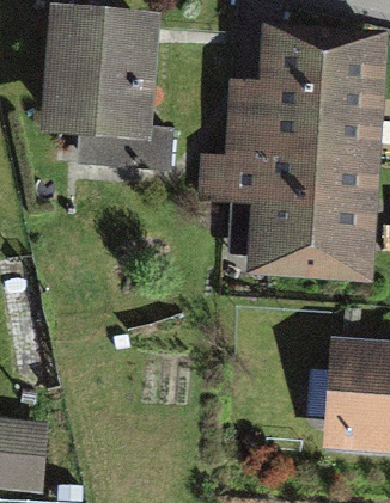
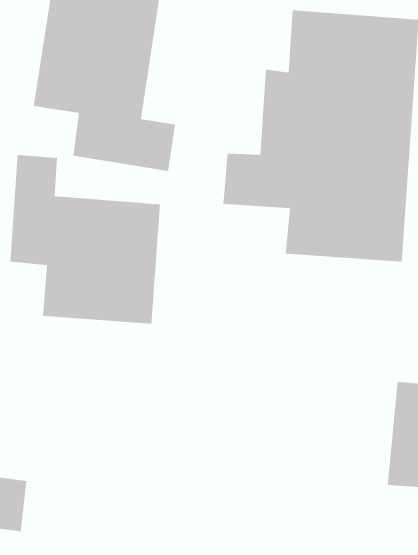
building: none -> [10,154,160,324]

